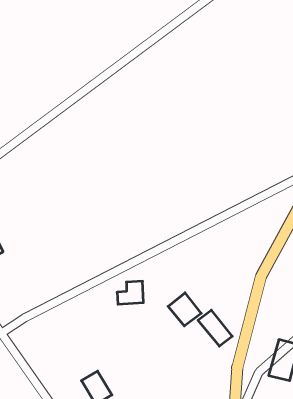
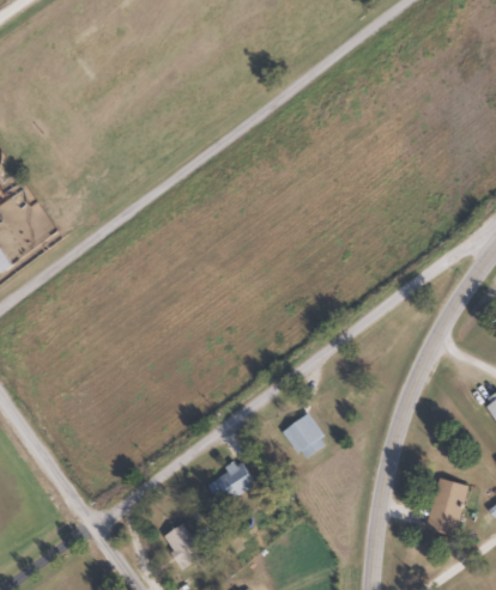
building: [117,281,143,304] -> [212,463,249,495]
building: [198,310,232,346] -> none

